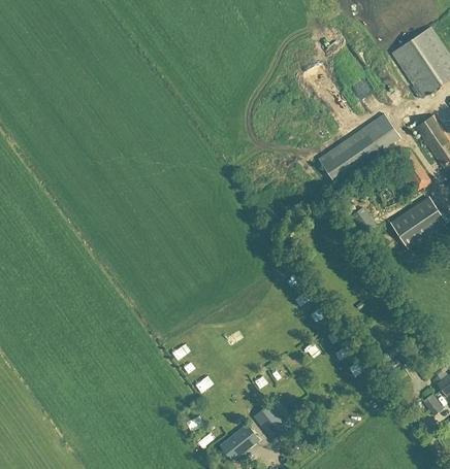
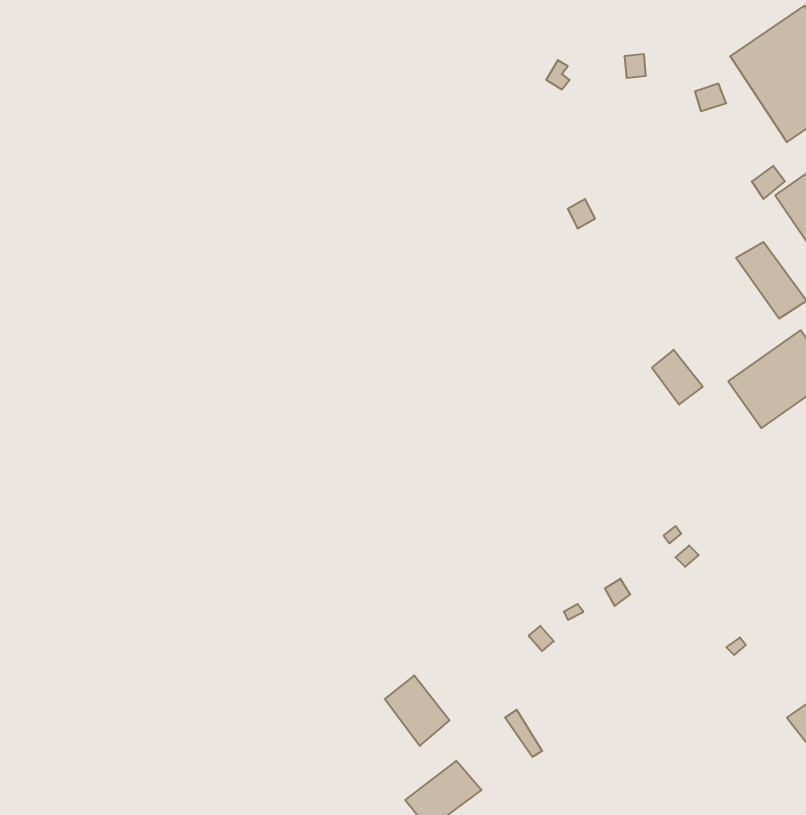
building: [317,113,400,179] -> none
building: [254,403,288,440] -> [385,675,449,746]

